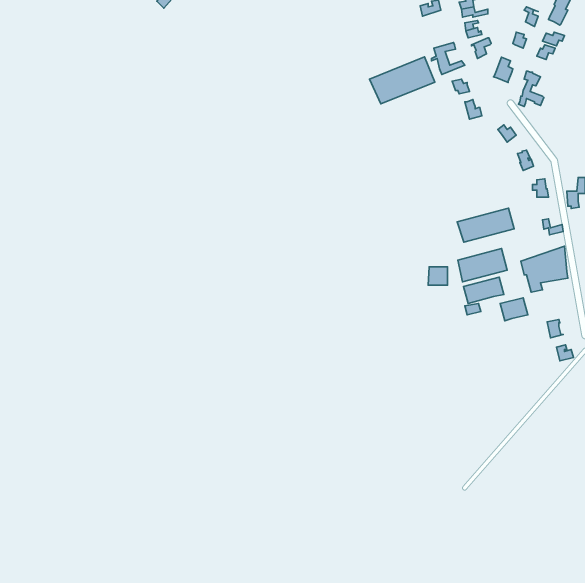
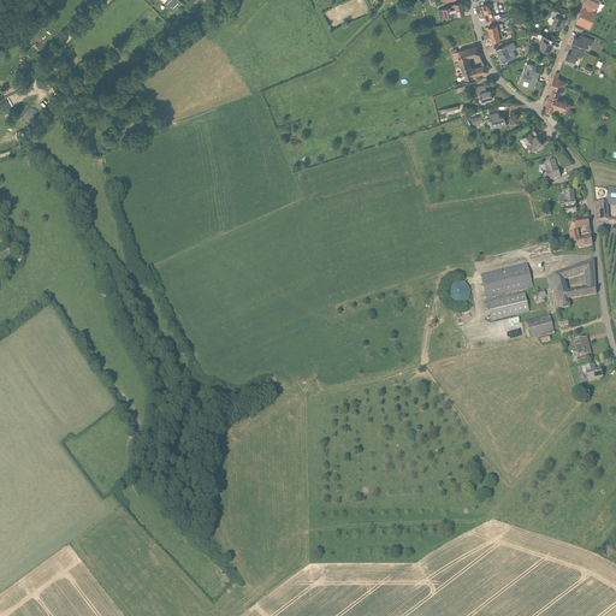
building: [369,57,435,104] -> none
building: [457,208,514,242] -> none

